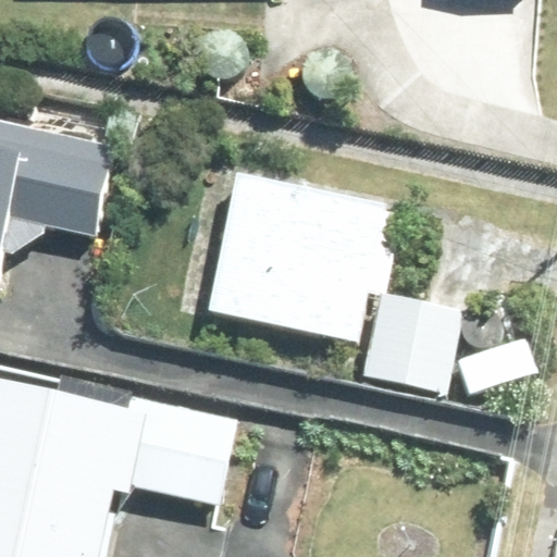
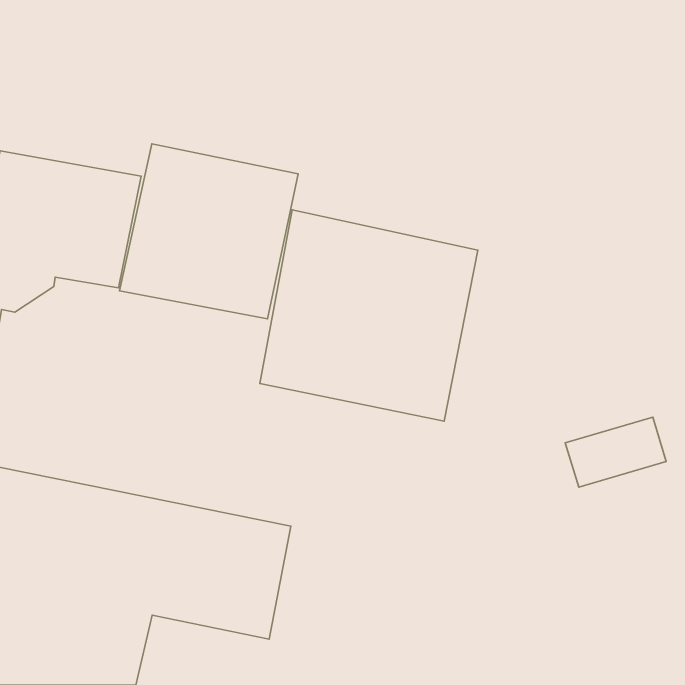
building: none -> [119,144,298,319]
building: [363,293,463,394] -> none

